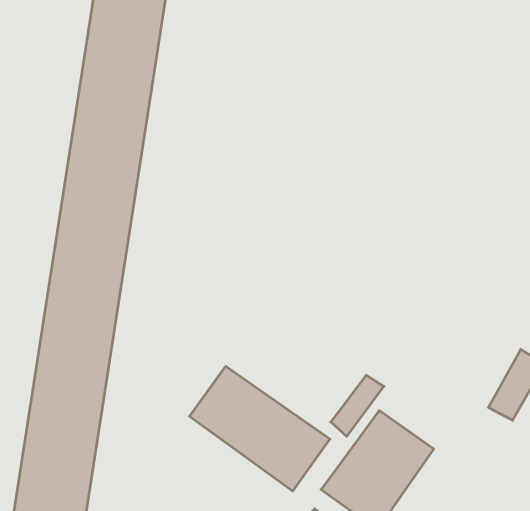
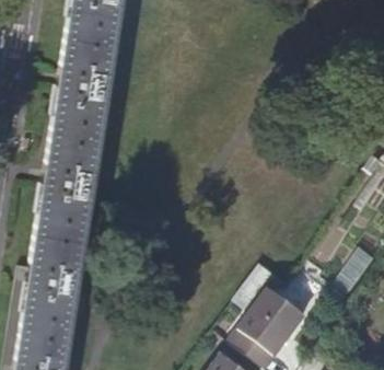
building: [189,366,330,491] -> none

